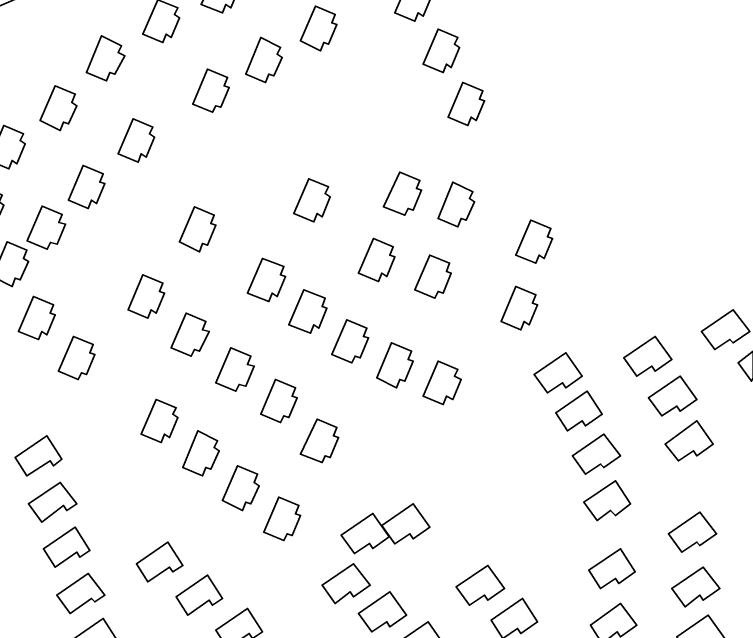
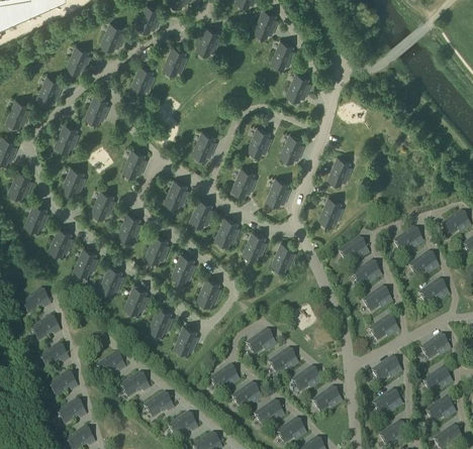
building: [27,206,65,249] -> [61,167,84,194]
building: none -> [73,248,96,274]
building: [341,514,389,553] -> [268,349,297,373]

